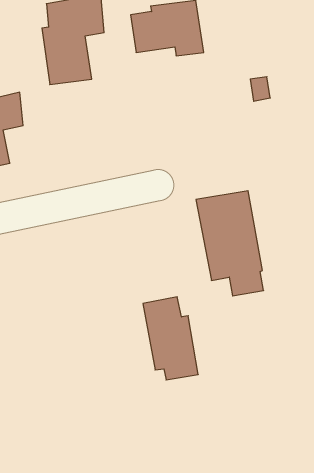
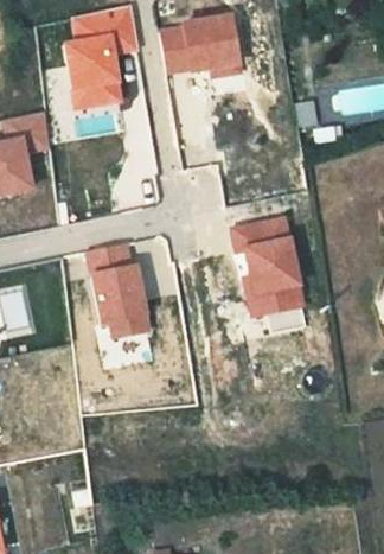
building: [143,297,198,380] -> [89,247,148,336]

